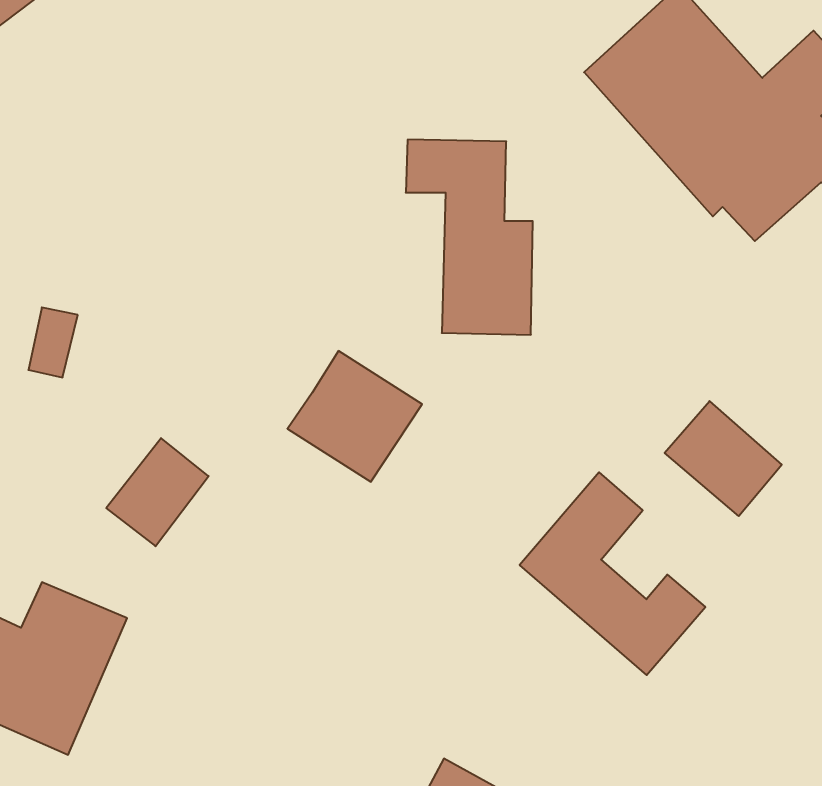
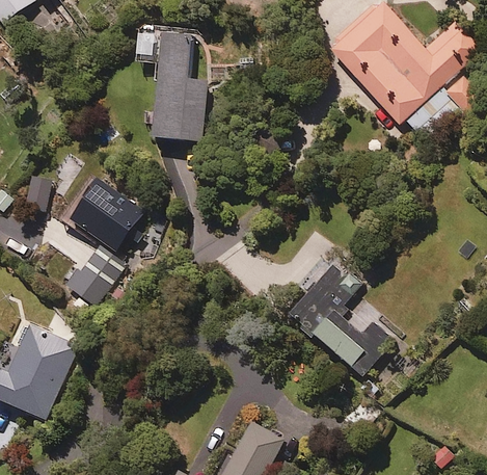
building: [406,140,533,335] -> [136,32,206,139]
building: [287,351,422,482] -> [71,179,144,250]
building: [665,401,782,516] -> none

